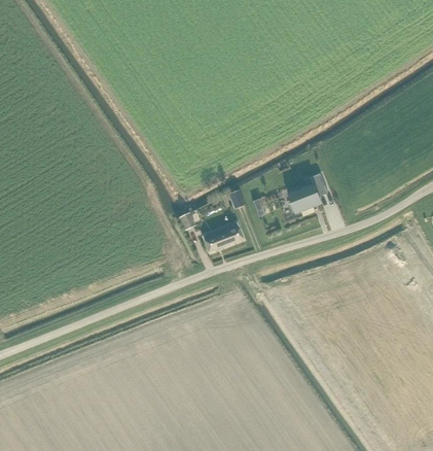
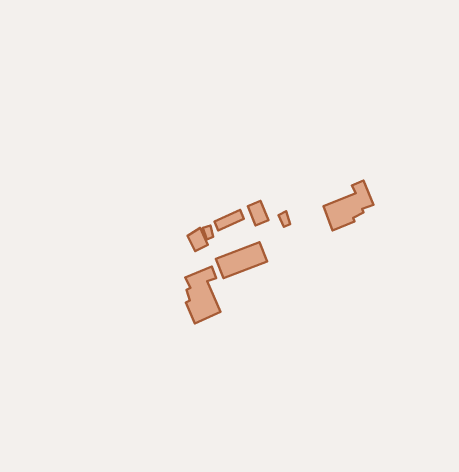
building: none -> [185,267,221,323]

